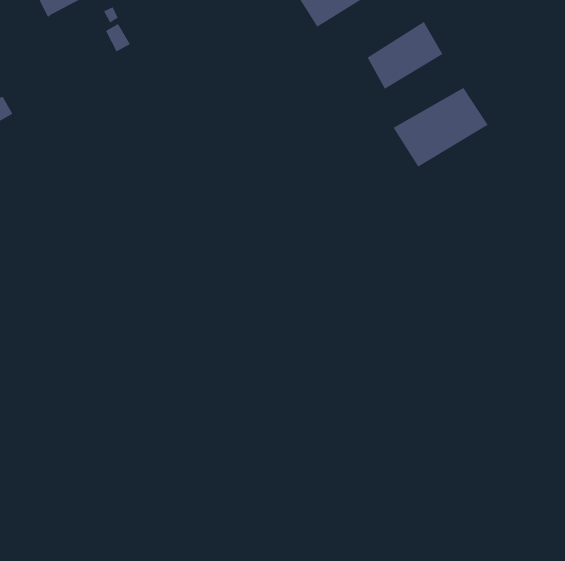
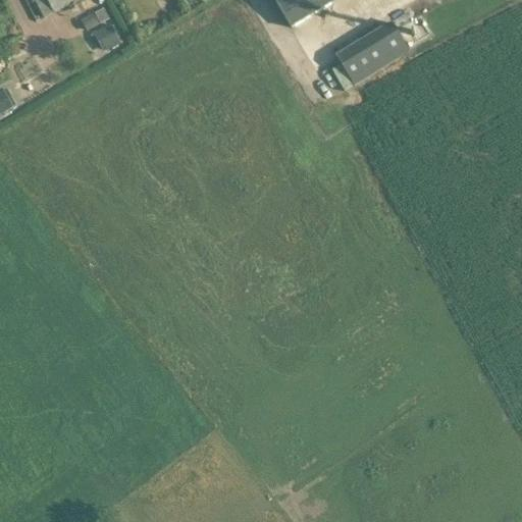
building: [393,87,488,167] -> none

